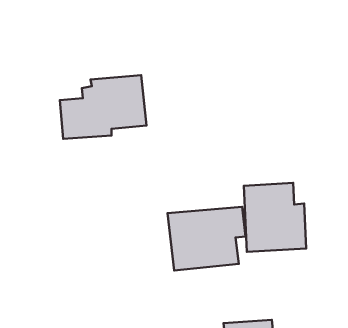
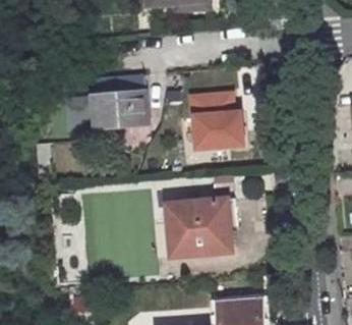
building: [244,183,306,252] -> [191,91,249,155]

